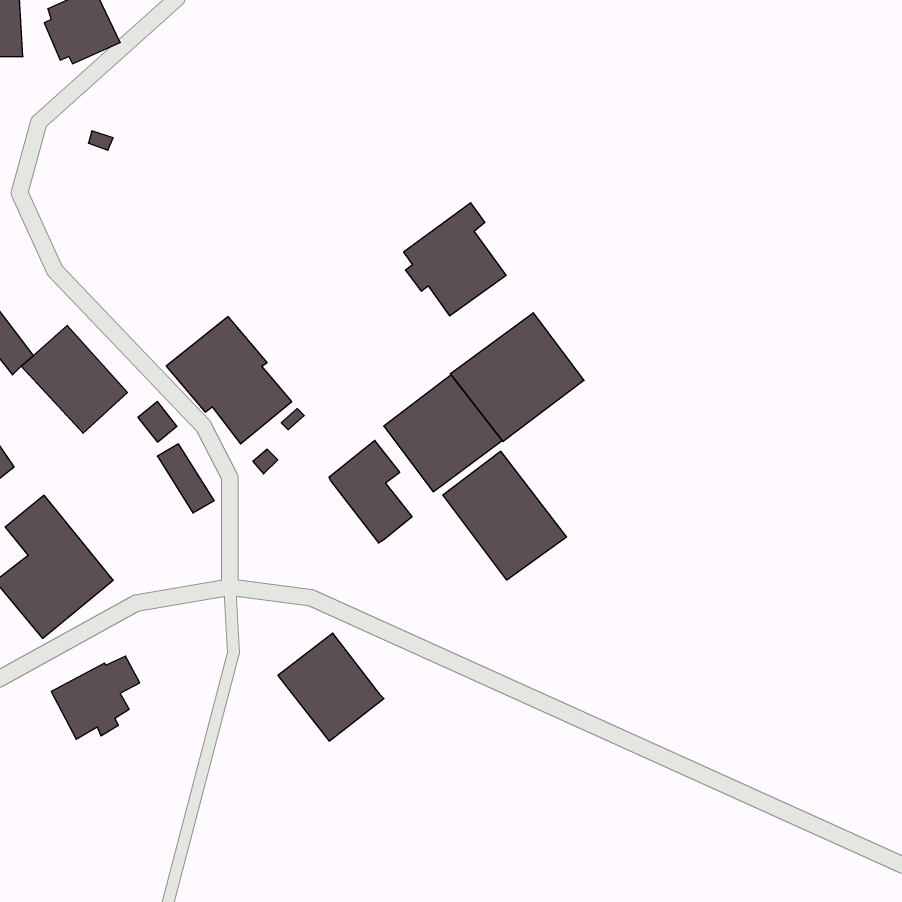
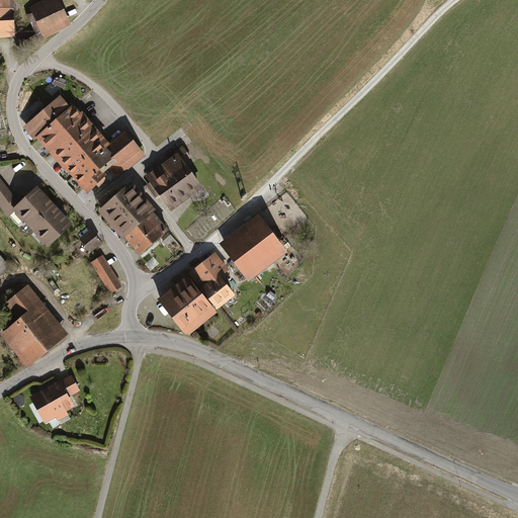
building: none -> [21,94,144,193]
building: [404,203,506,316] -> [143,146,201,210]
building: [450,313,584,442] -> none
building: [443,451,566,580] -> none
building: [278,633,384,741] -> [158,275,219,337]

